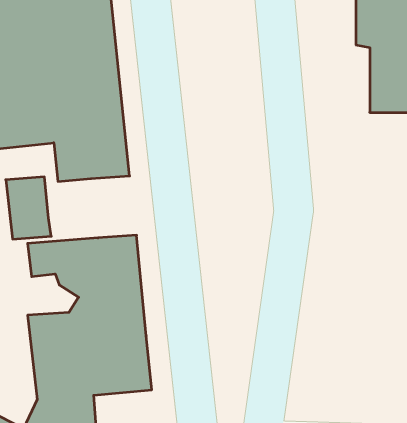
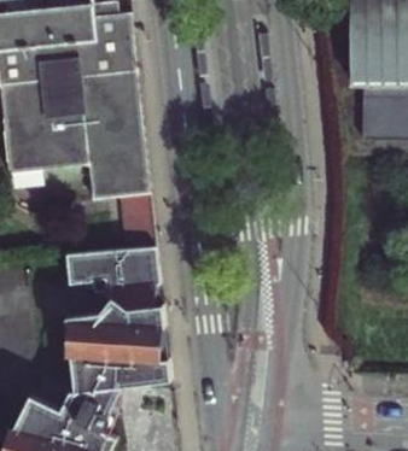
building: [6,177,51,239] -> [117,195,157,250]

